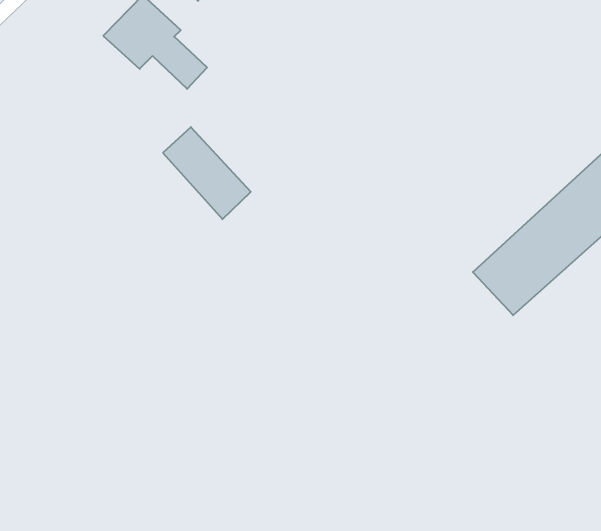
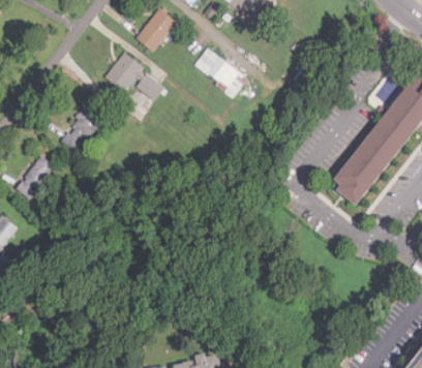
building: none -> [60,104,103,154]
building: [163,127,251,219] -> [194,49,246,97]

